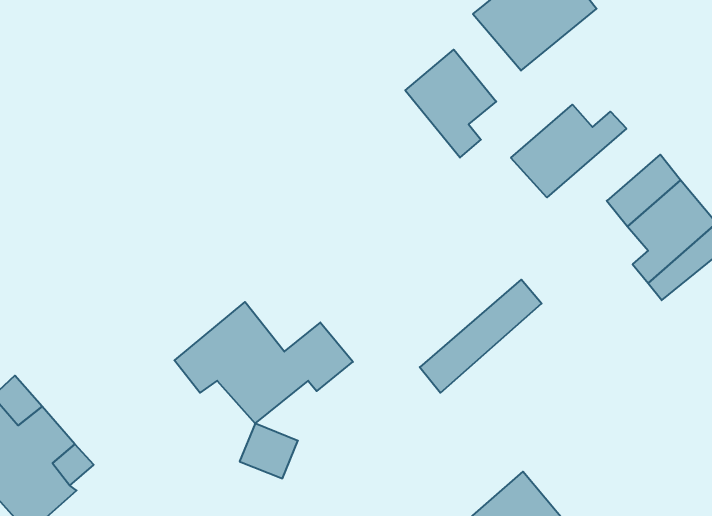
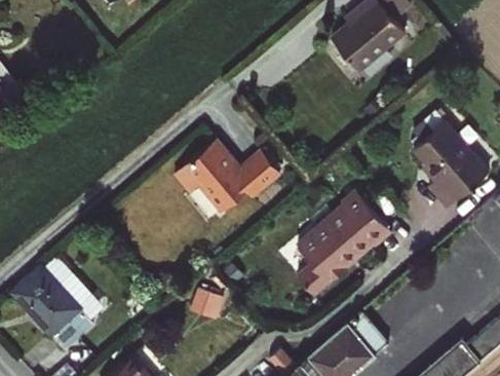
building: [405,50,496,158] -> none
building: [511,105,626,197] -> none
building: [174,302,353,424] -> [169,130,276,203]
building: none -> [300,212,387,298]

